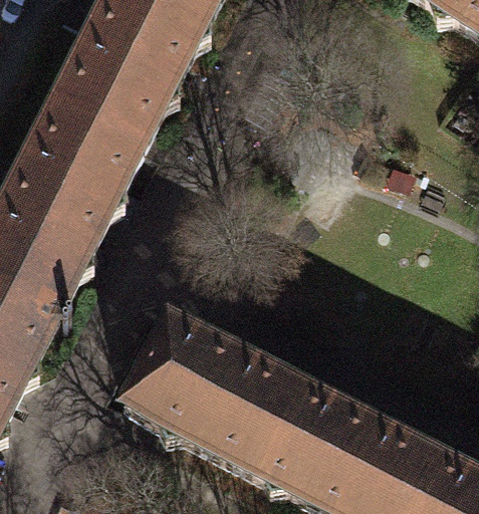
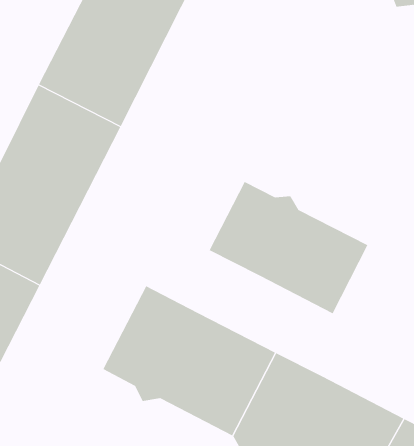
building: none -> [209,181,368,314]

